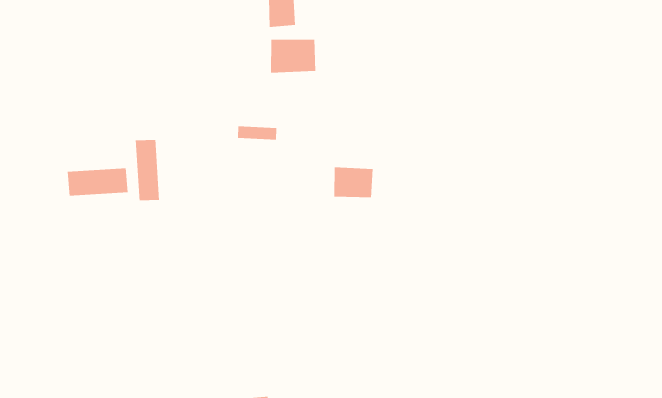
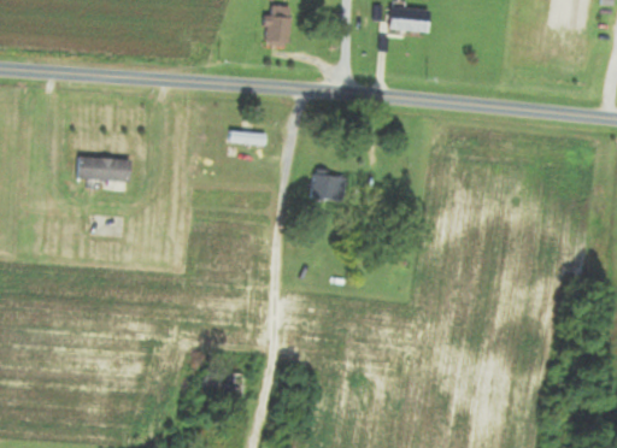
building: [271,39,316,73] -> none
building: [135,139,160,201] -> none

